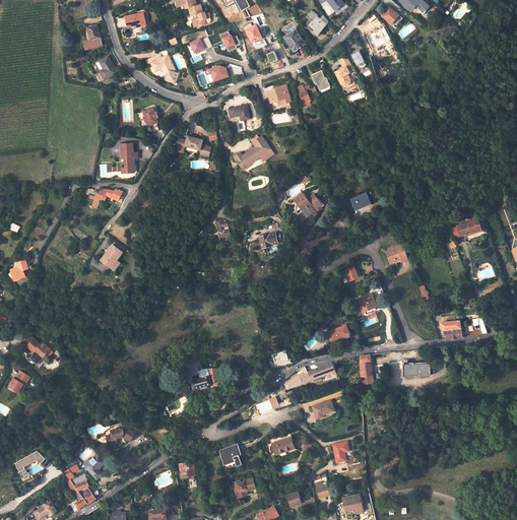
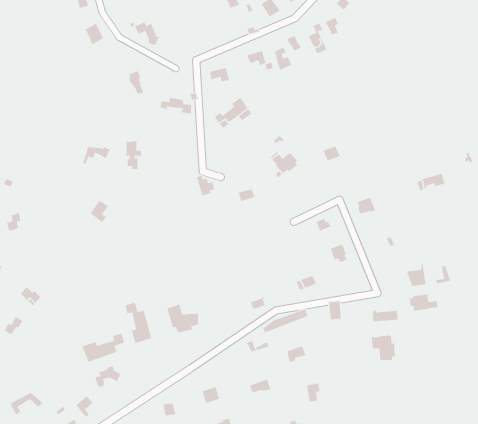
building: [120,143,137,174] -> [126,141,142,169]
building: none -> [409,294,438,311]
building: none -> [125,302,152,344]
building: none -> [82,333,125,363]
building: none -> [371,335,395,361]

